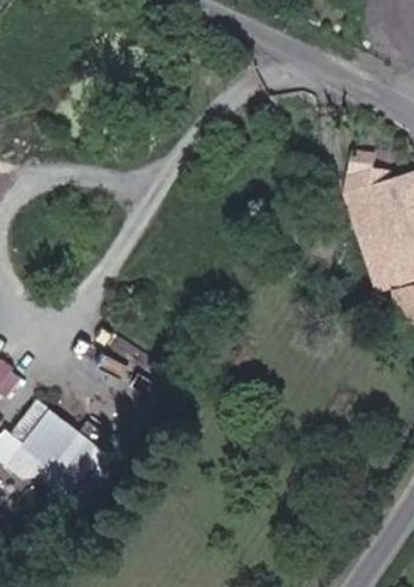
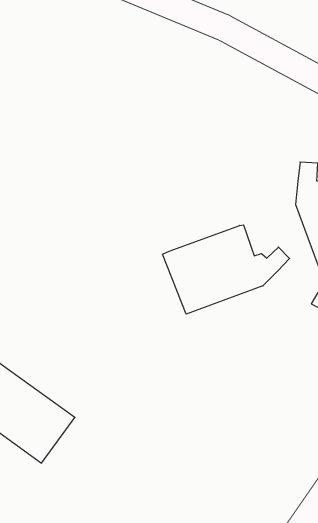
building: none -> [162,225,290,314]

